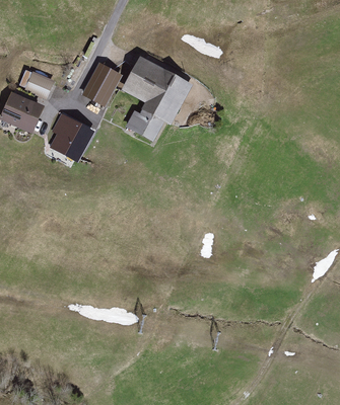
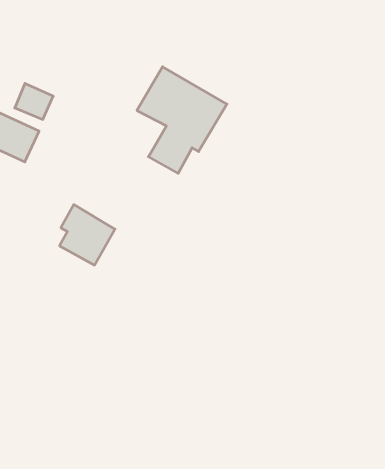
building: [82,62,122,106] -> none
building: [50,111,93,159] -> [60,205,115,265]

